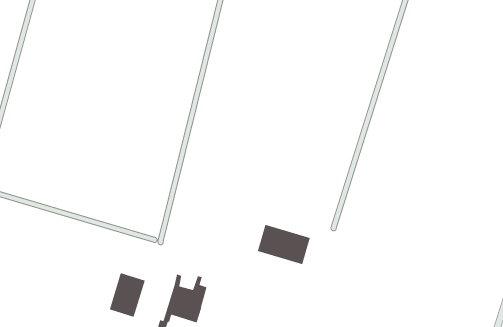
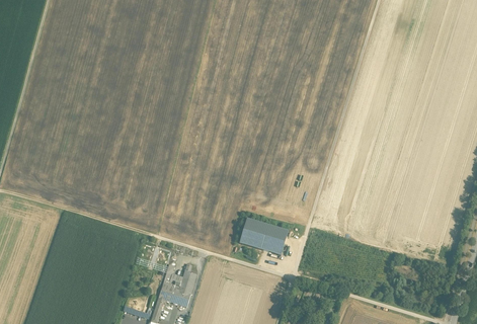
building: [109,272,146,318] -> none

